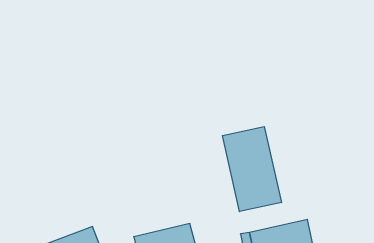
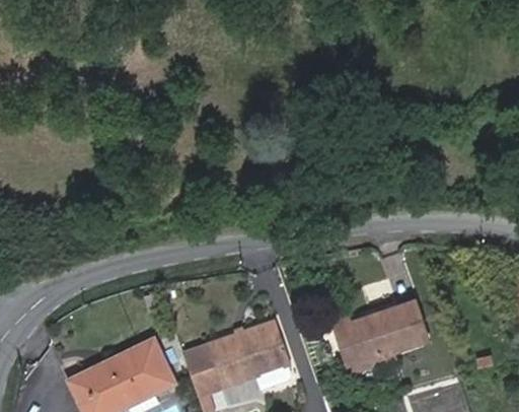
building: [222,127,281,212] -> none

